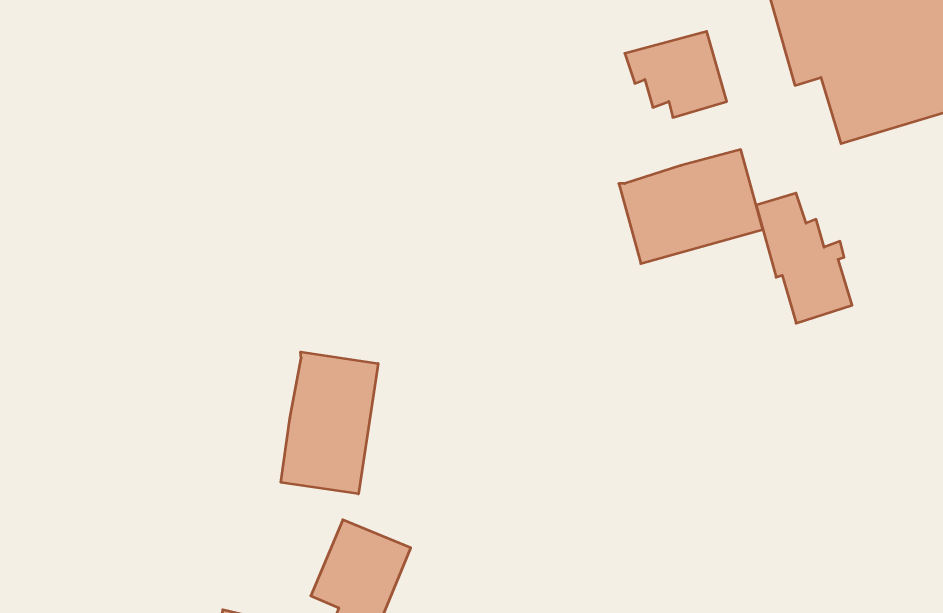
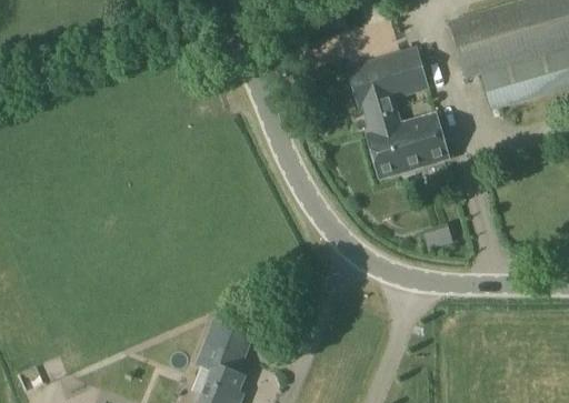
building: [756,193,852,323] -> [349,62,402,134]
building: [281,352,378,494] -> none

